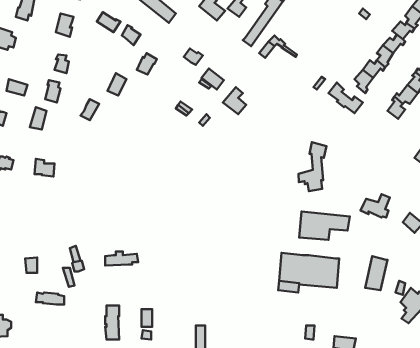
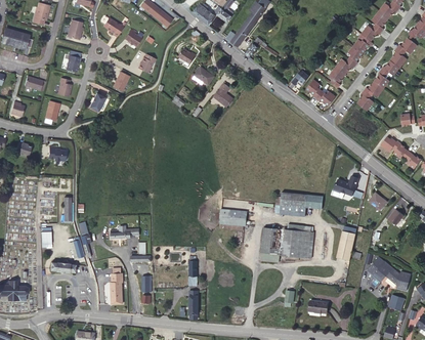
building: [299,142,326,191] -> none
building: none -> [220,209,247,225]

